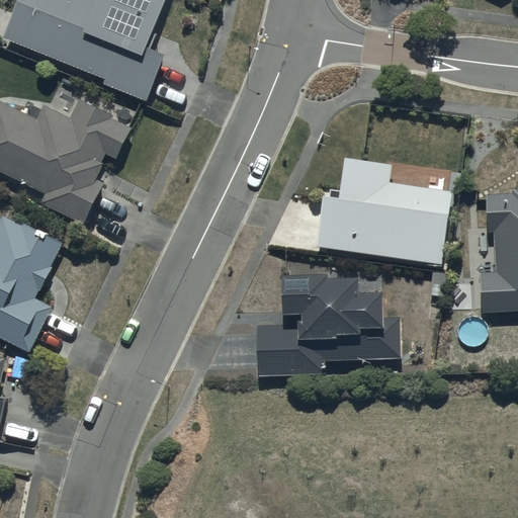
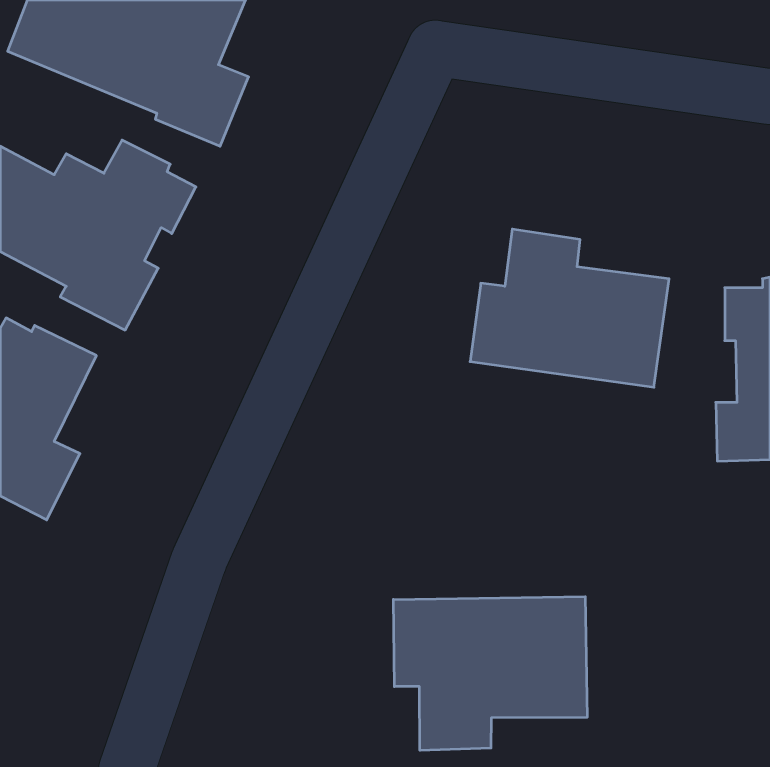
building: [257,271,400,374] -> none
building: none -> [393,597,587,750]

